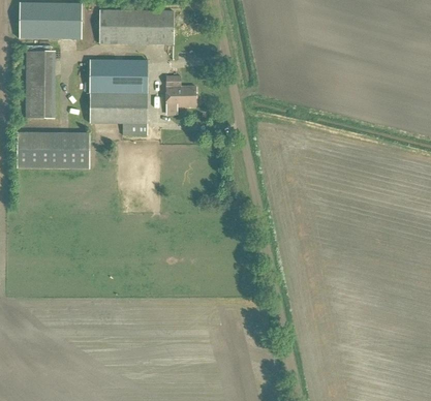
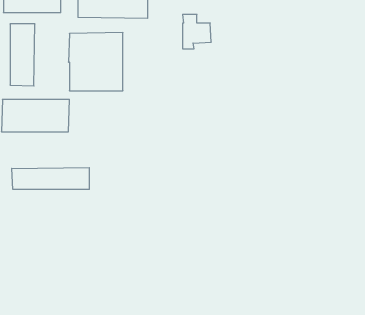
building: [165,76,196,114] -> [183,14,211,49]
building: none -> [12,168,89,189]

